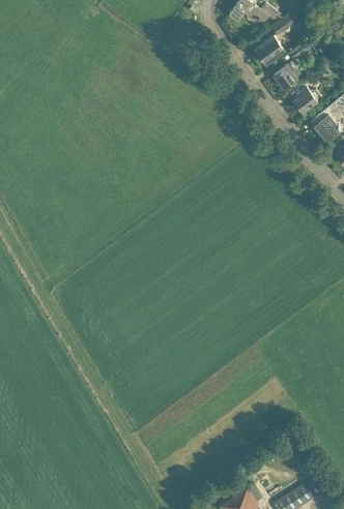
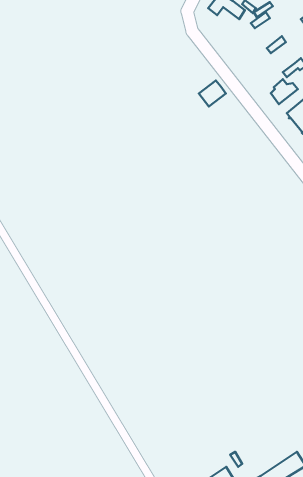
building: [254,36,284,64] -> none
building: [273,62,300,89] -> [199,81,226,107]

